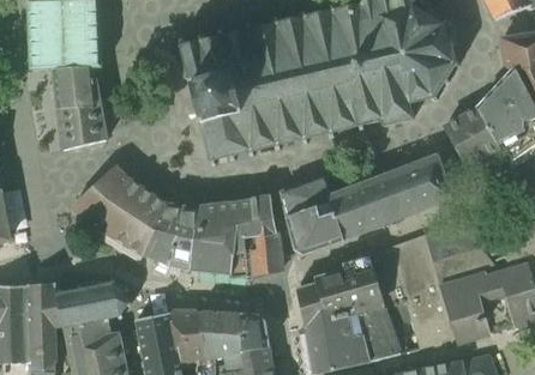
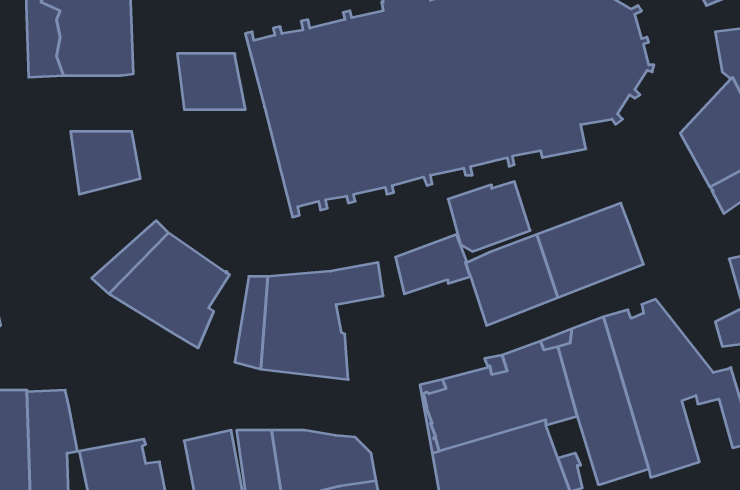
building: [54,67,101,105] -> [177,54,245,110]
building: [444,107,500,167] -> none
building: [146,204,181,264] -> none
building: [288,205,344,253] -> [448,182,530,251]
building: [241,218,283,276] -> none
building: [58,278,130,325] -> none

